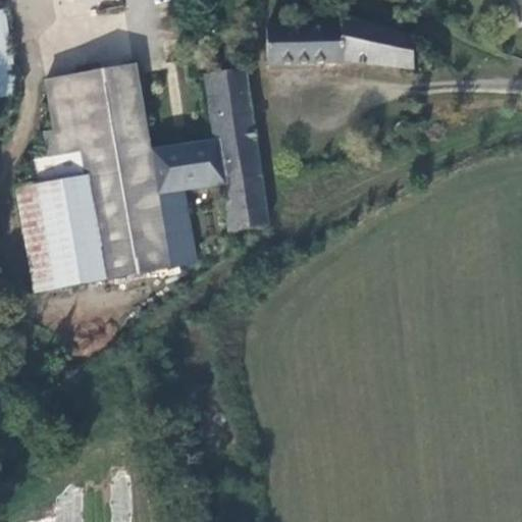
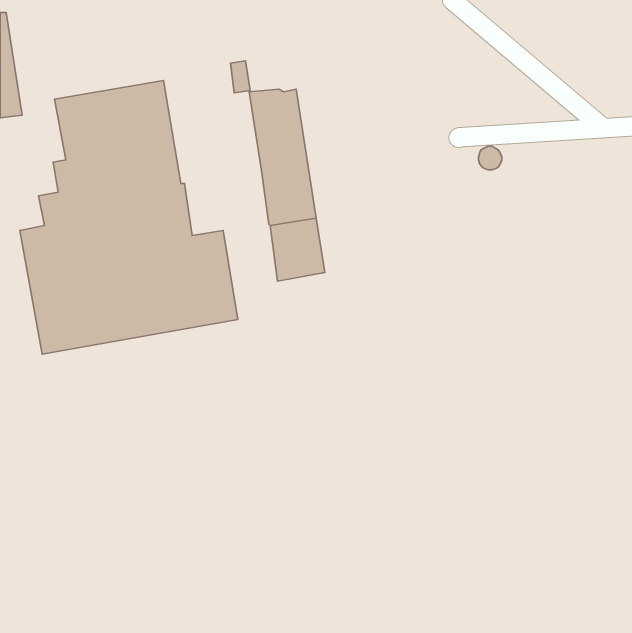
building: [267,4,414,69] -> none
building: [153,141,222,194] -> none

